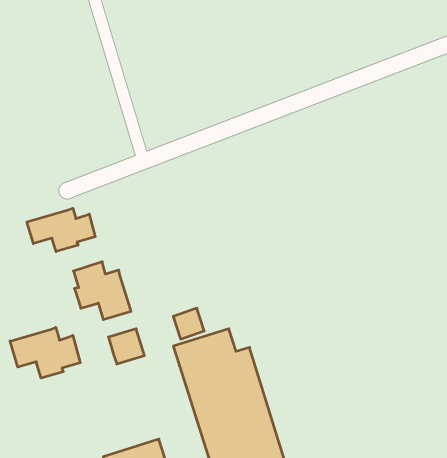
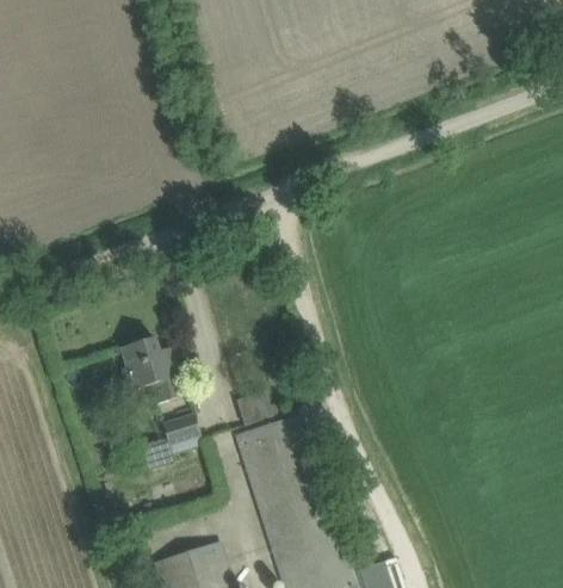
building: [27,208,95,252] -> none
building: [10,327,80,378] -> none

